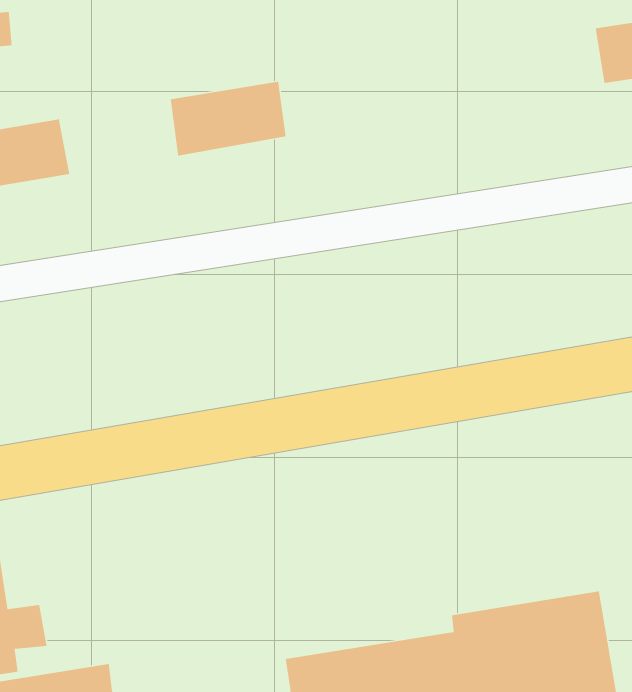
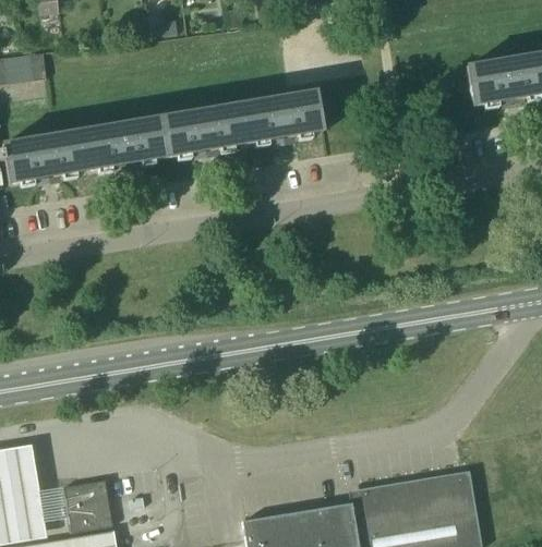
building: none -> [237,90,321,144]
building: none -> [79,117,164,171]
building: none -> [64,474,115,527]

